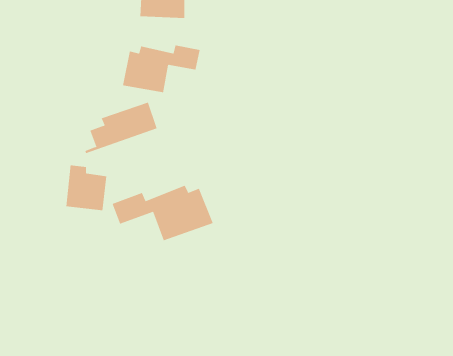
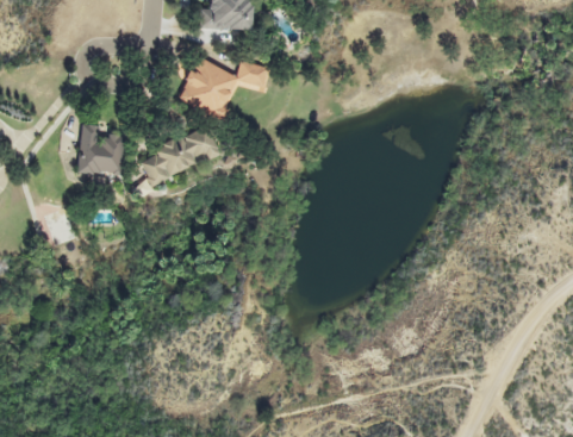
building: [66,165,107,211] -> [77,123,126,176]
building: [112,185,213,241] -> none

